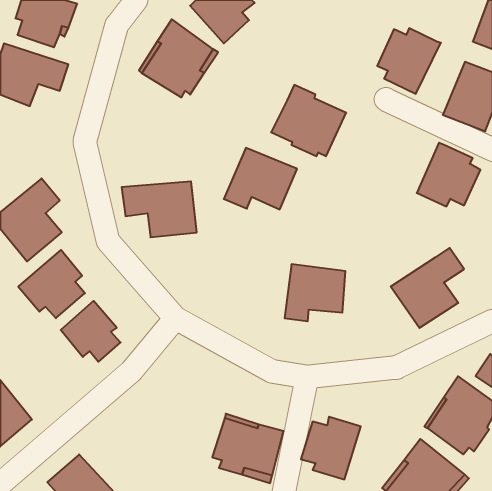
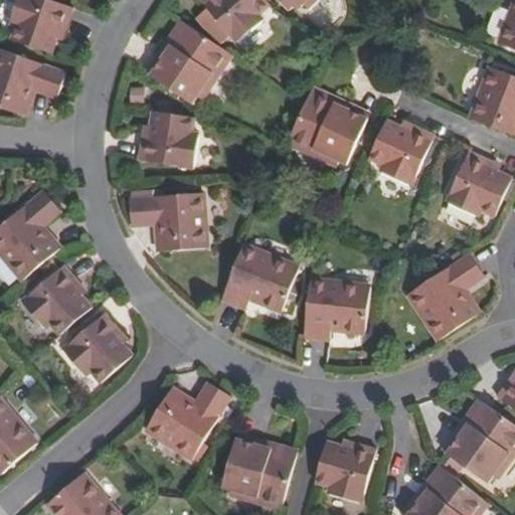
building: [377,28,441,94] -> [363,121,430,189]
building: none -> [135,113,197,172]
building: [224,148,297,209] -> [215,240,292,305]
building: none -> [147,380,232,458]

